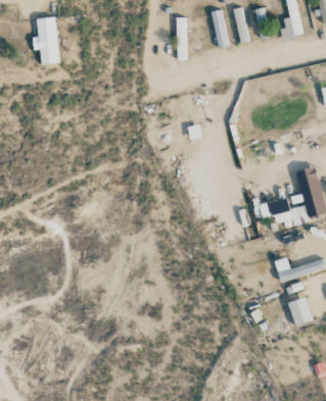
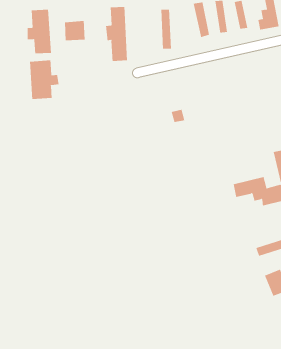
building: none -> [106,6,127,62]
building: none -> [64,20,85,41]
building: none -> [29,60,59,100]

